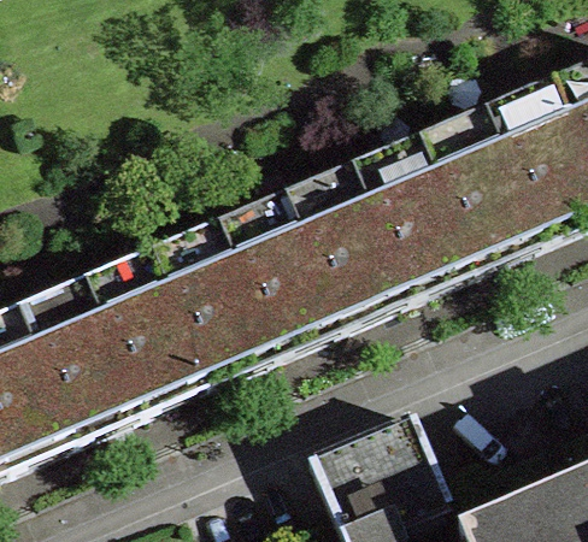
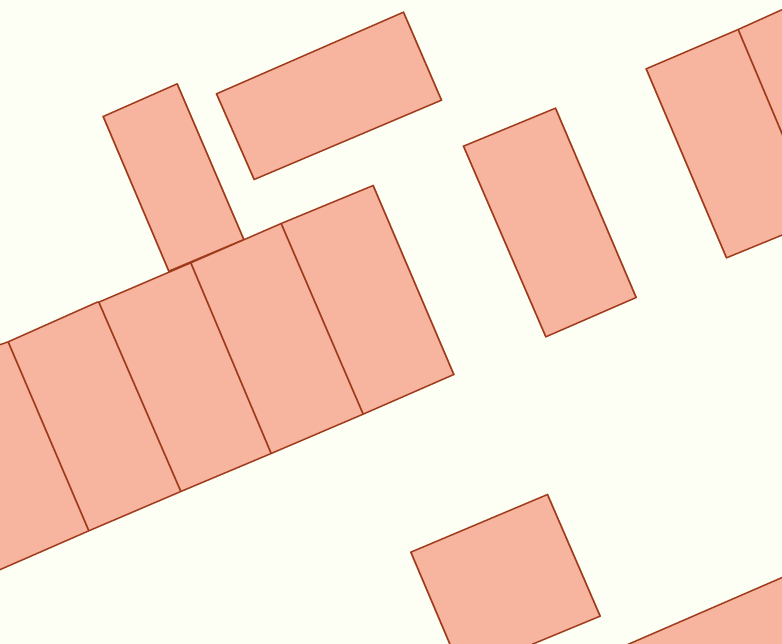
building: none -> [216,12,441,180]
building: [418,106,543,273] -> none
building: none -> [103,84,244,271]
building: [284,163,411,330] -> none

